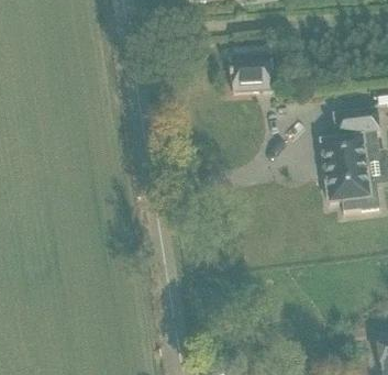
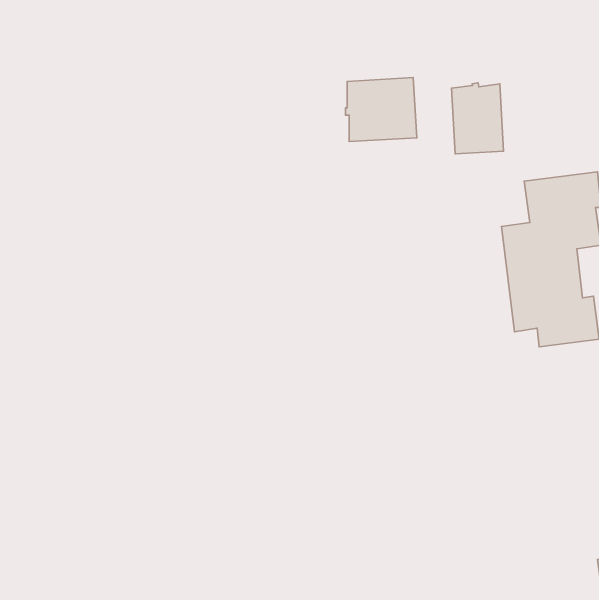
building: none -> [452,83,504,154]

